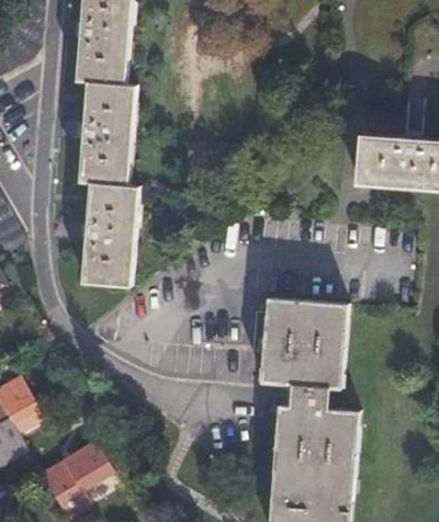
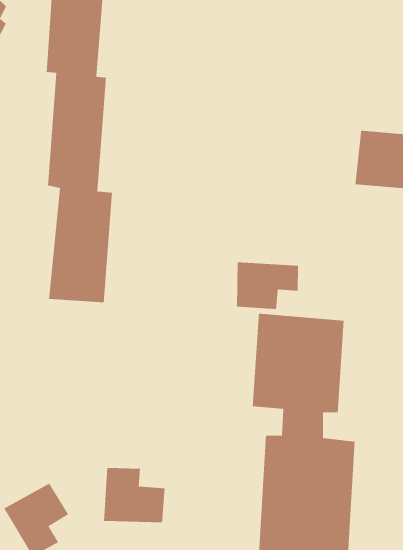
building: none -> [236,261,299,310]
building: none -> [103,467,165,523]

